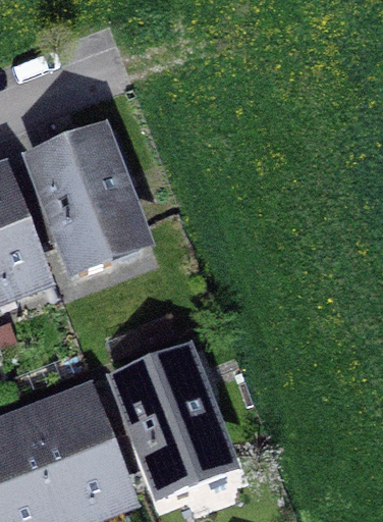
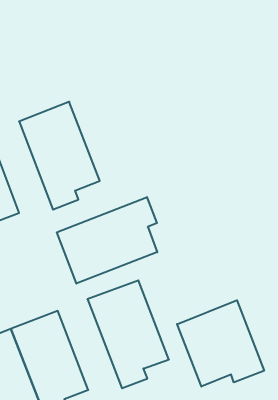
building: none -> [57,197,157,284]
building: none -> [177,300,264,387]

